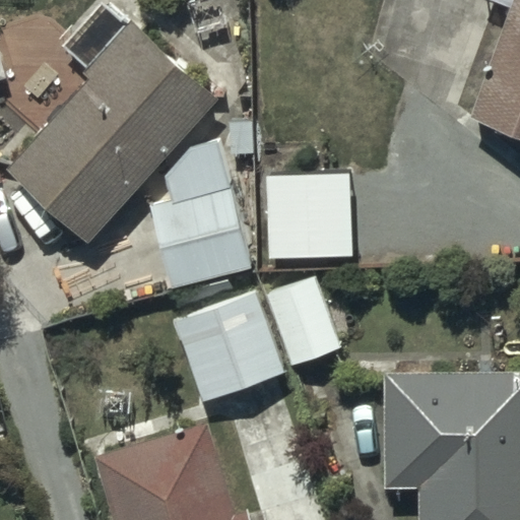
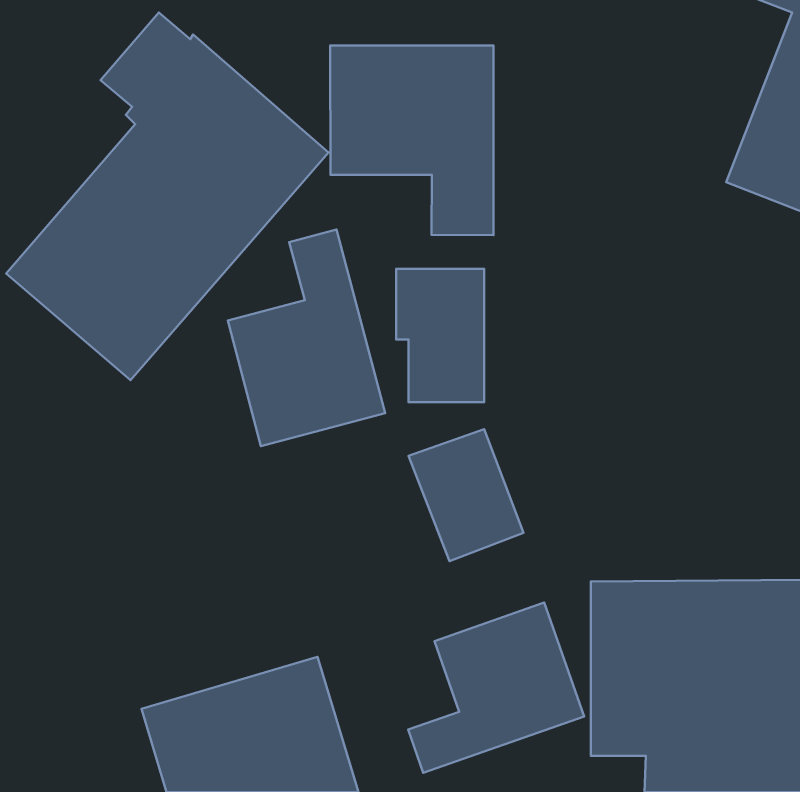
building: none -> [330,46,494,235]
building: [175,290,285,400] -> none
building: none -> [408,603,584,773]

